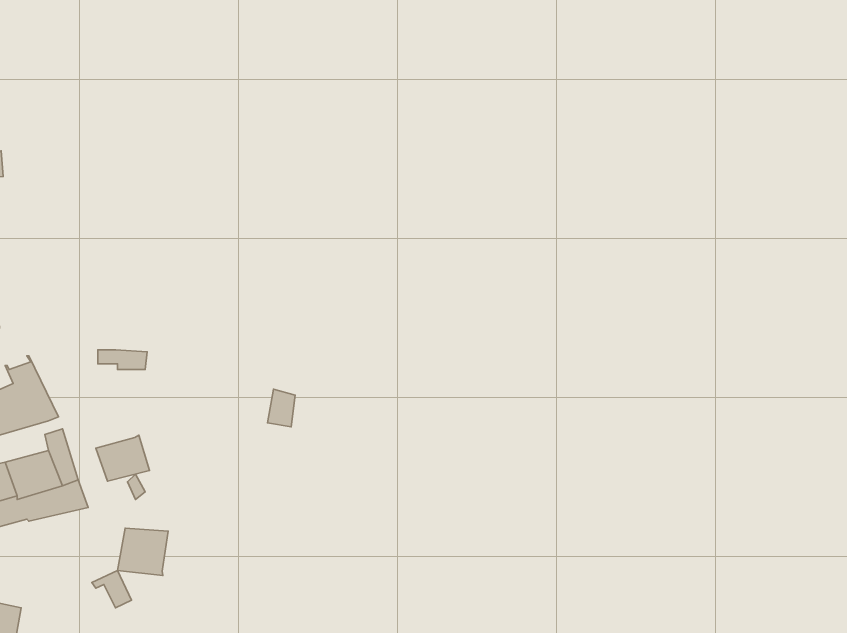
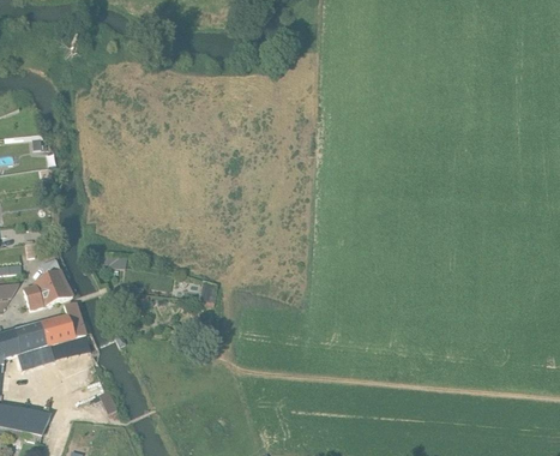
building: [96,435,149,481] -> none
building: [118,528,168,575] -> none

